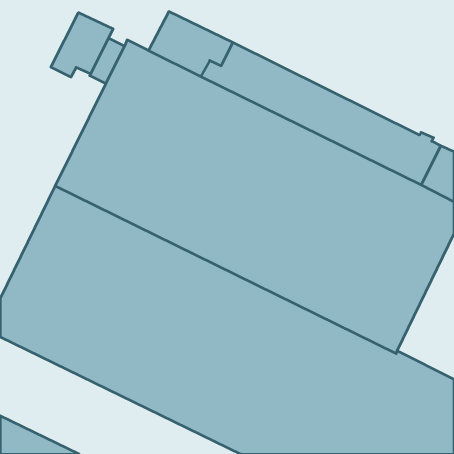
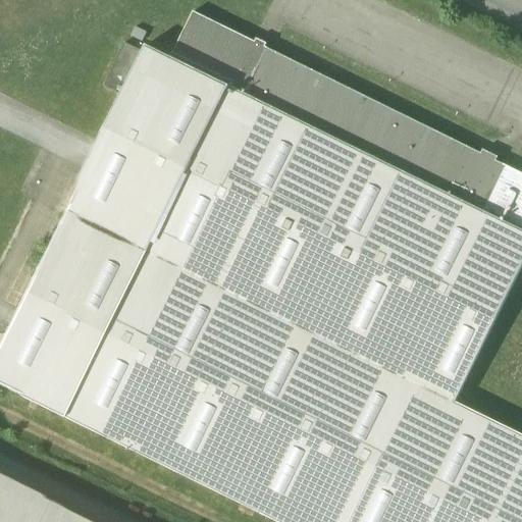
building: [51,13,113,77] -> none

